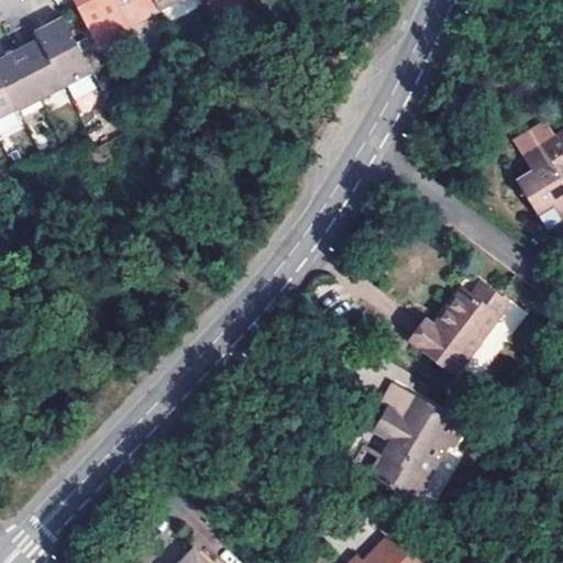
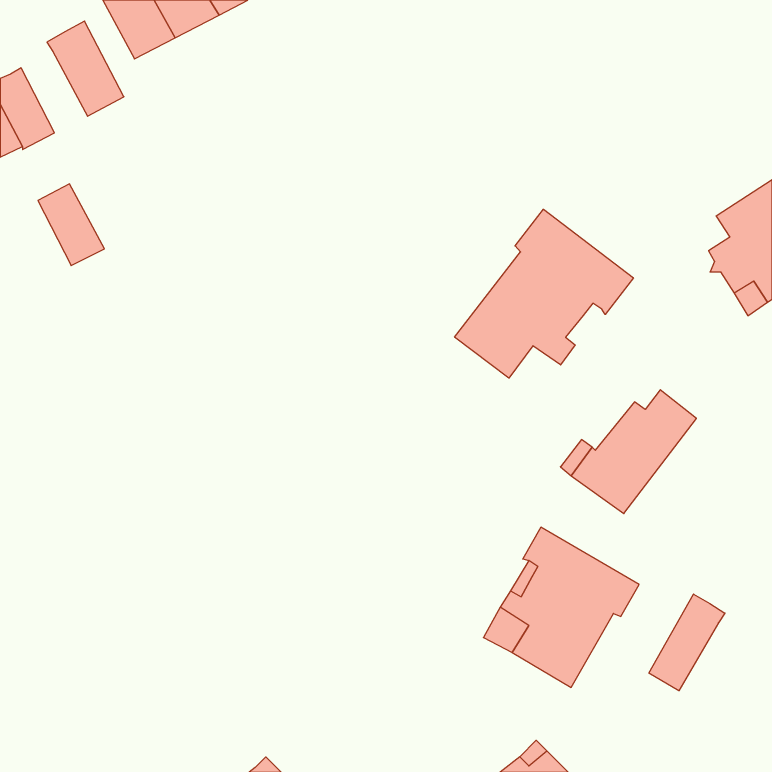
building: [15,37,64,97] -> [38,184,104,266]
building: none -> [455,209,633,378]
building: none -> [649,594,725,691]

